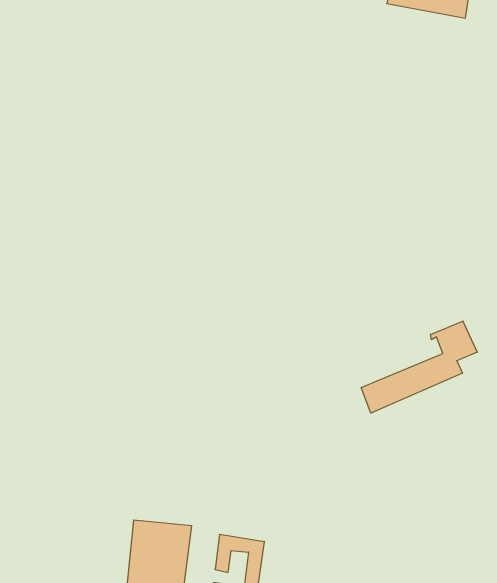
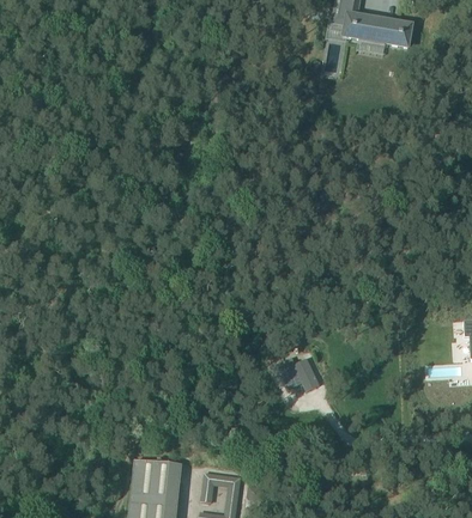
building: [361,321,477,413] -> none
building: none -> [278,355,320,390]

